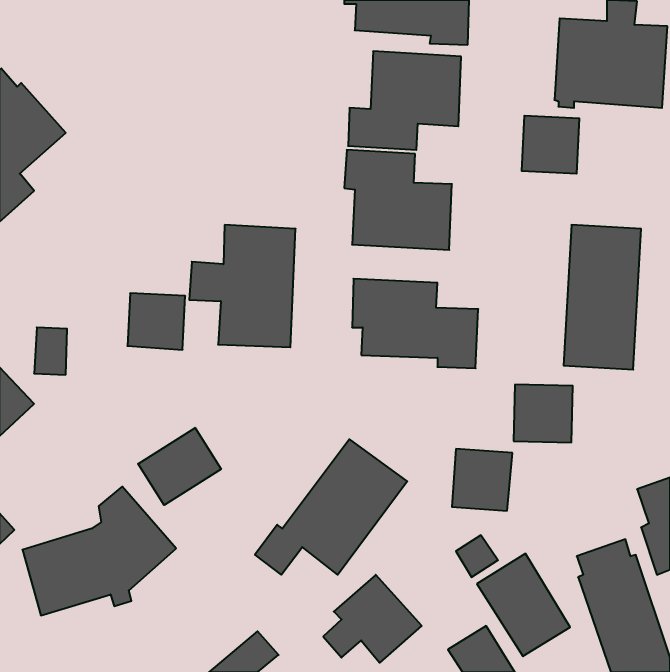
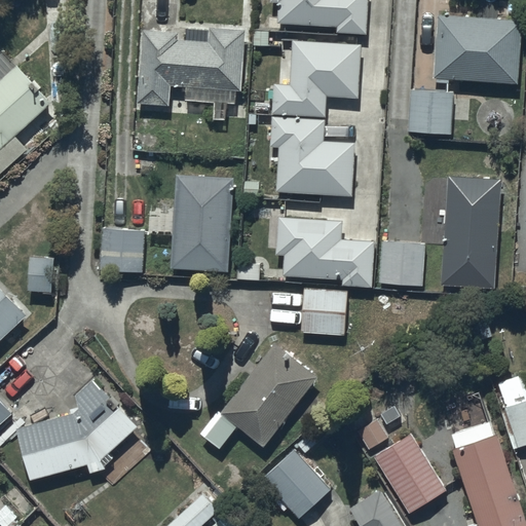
building: none -> [137,29,247,122]
building: [514,385,573,442] -> [378,241,424,287]
building: [138,428,221,505] -> none
building: [452,449,512,511] -> [301,288,348,336]

